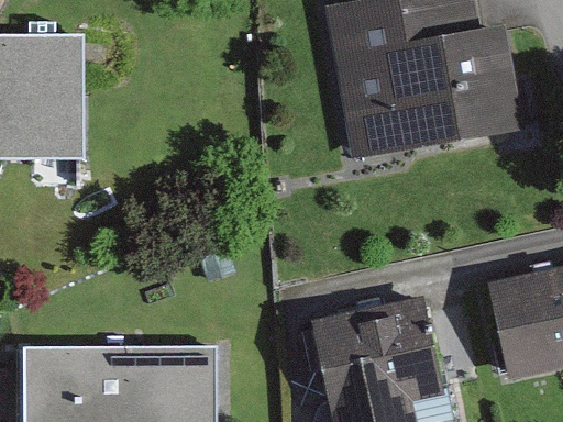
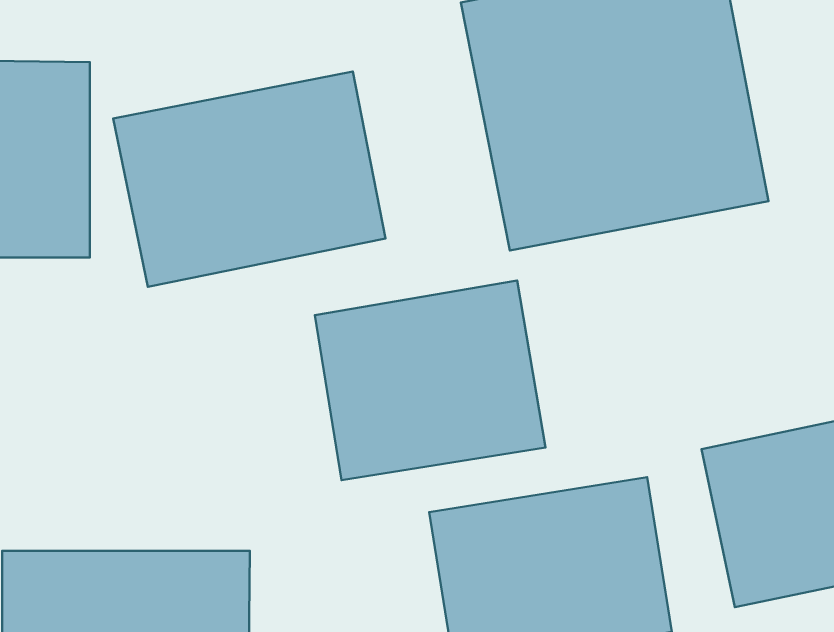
building: none -> [113,72,386,287]
building: none -> [315,281,546,480]

